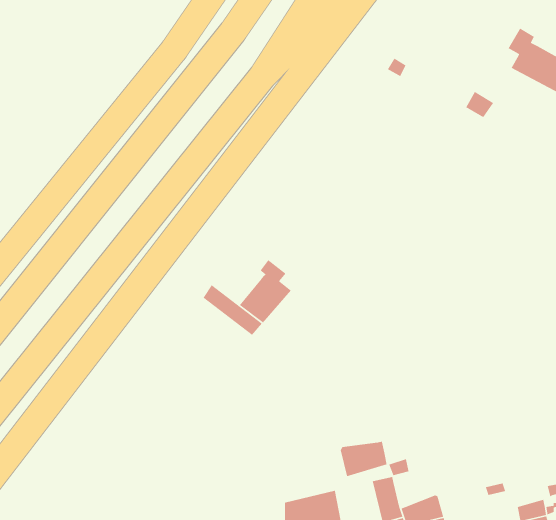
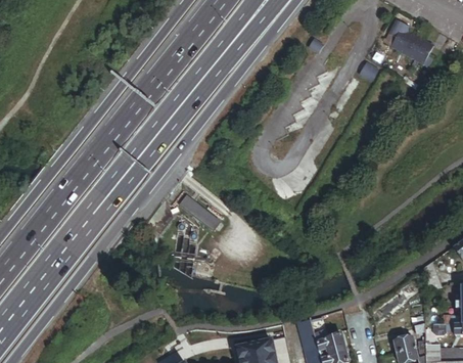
building: [239,259,292,324] -> none
building: [340,441,388,477] -> none

